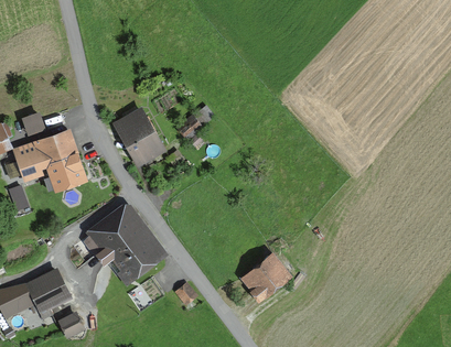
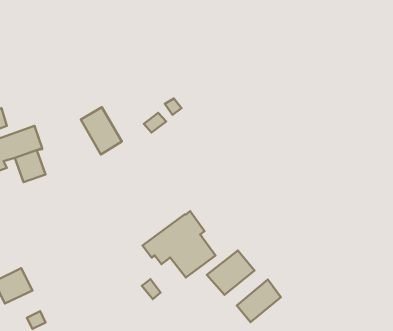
building: [85,209,158,275] -> [143,211,216,277]
building: none -> [237,280,281,322]

